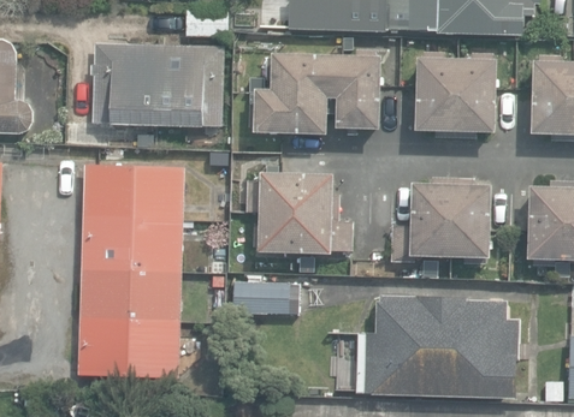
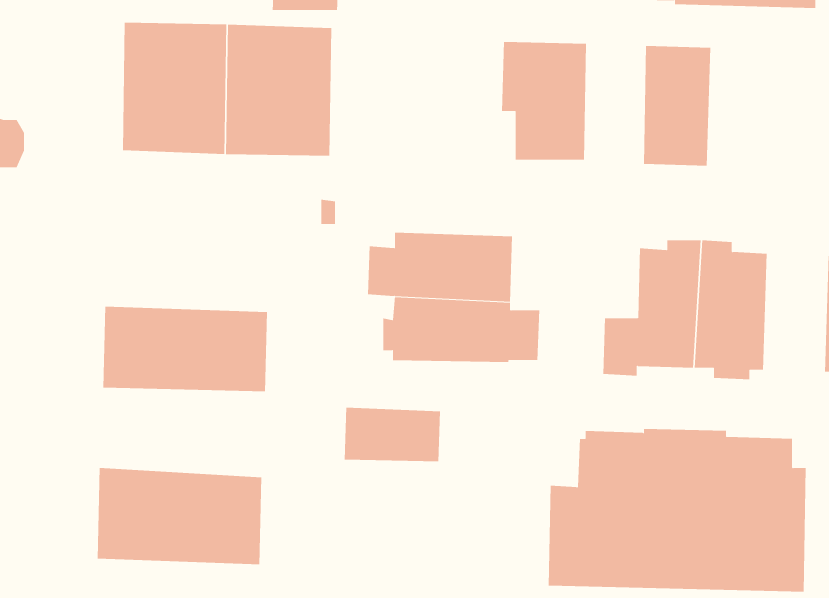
building: [254,54,329,133] -> none
building: [455,59,496,132] -> none
building: [82,163,185,222] -> none
building: [78,269,182,324] -> none

